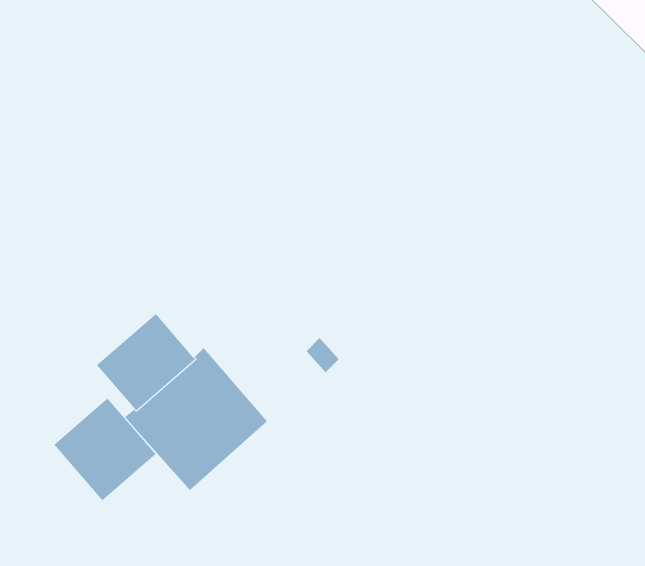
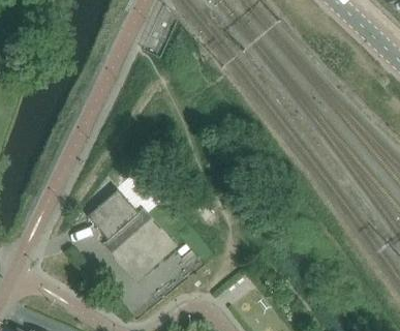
building: [53,398,156,501] -> none

